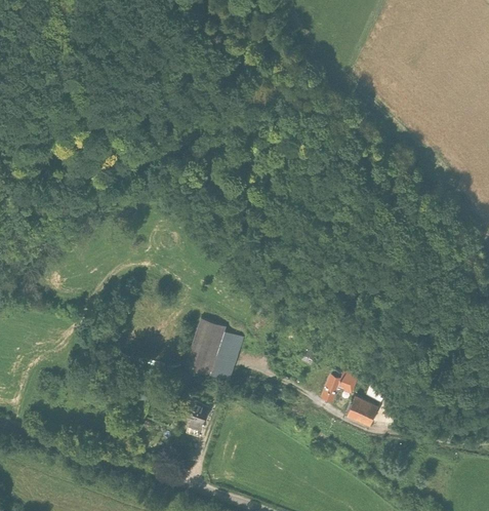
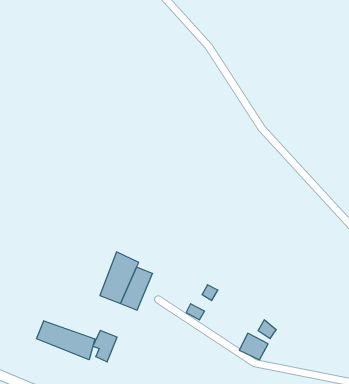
building: [322,369,357,401] -> none
building: none -> [37,321,95,360]

